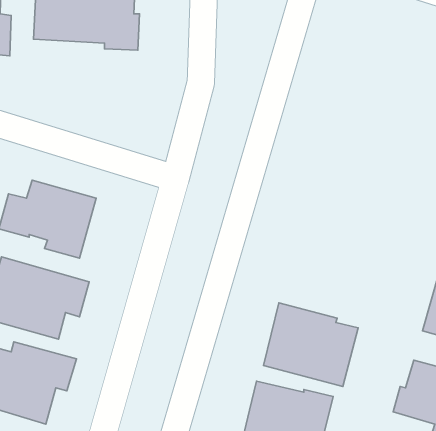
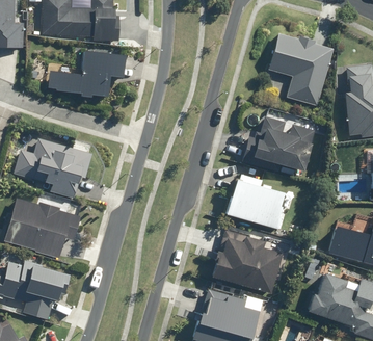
building: none -> [267,34,334,107]
building: none -> [47,49,126,98]
building: none -> [244,116,314,176]
building: none -> [224,172,292,231]

